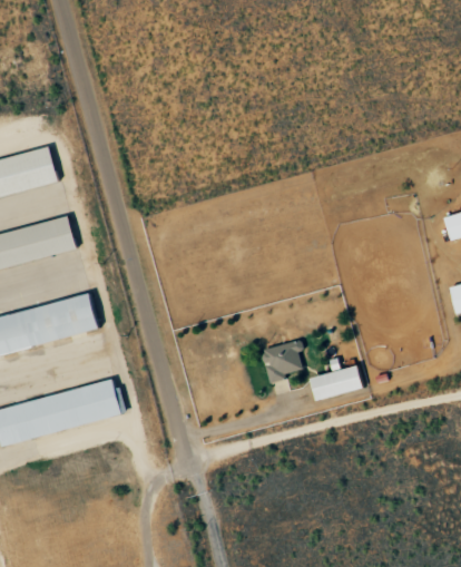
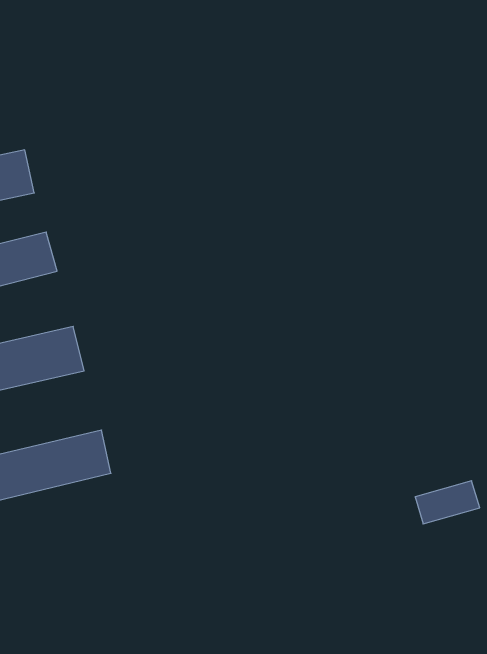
building: [258,338,302,382] -> none
building: [310,364,363,400] -> [415,481,480,524]

